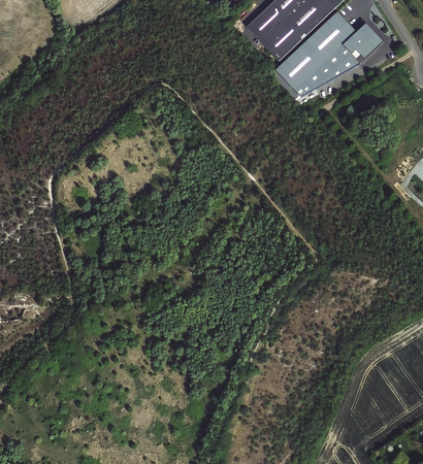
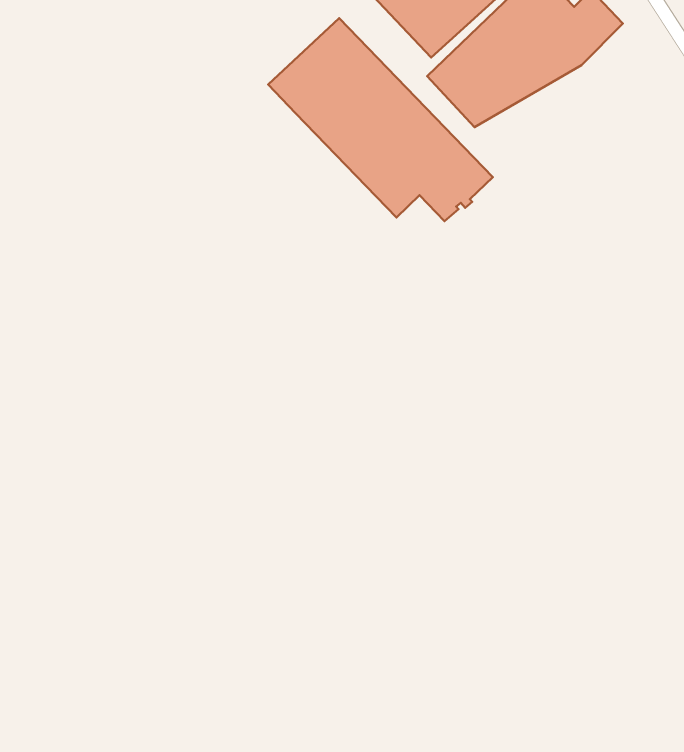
building: none -> [268,18,493,221]

